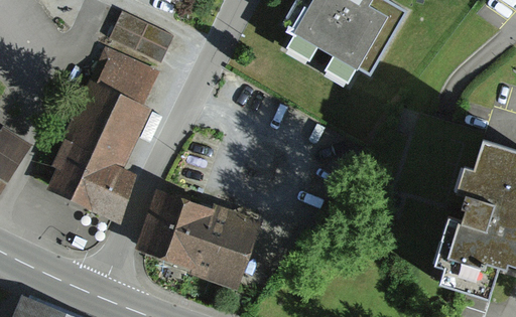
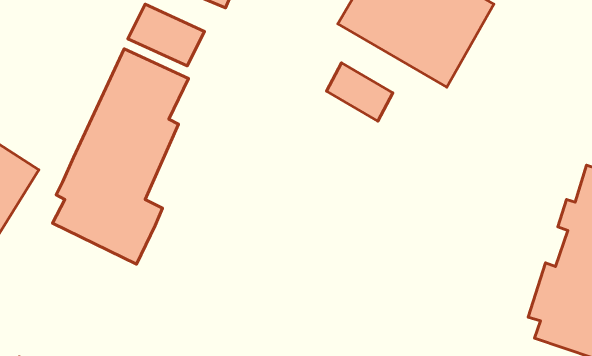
building: none -> [326,63,393,121]
building: [135,188,263,289] -> none

